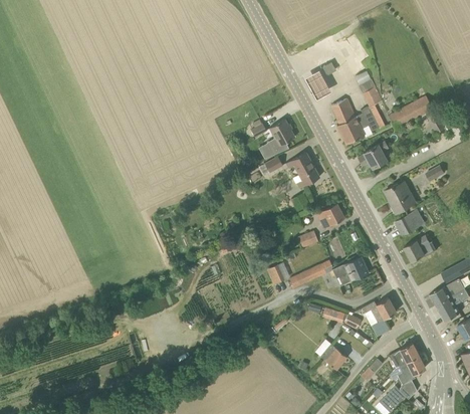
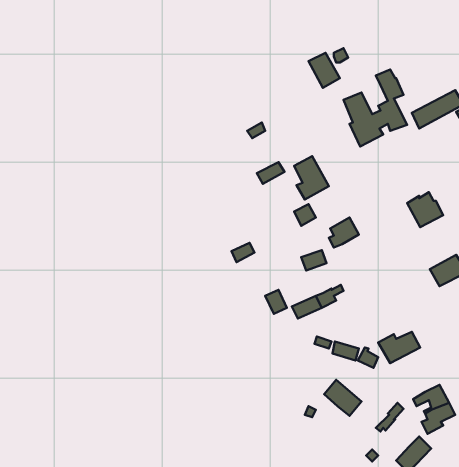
building: [268,120,294,147] -> none
building: [358,142,389,168] -> none
building: [396,211,424,235] -> none
building: [338,257,370,284] -> none

